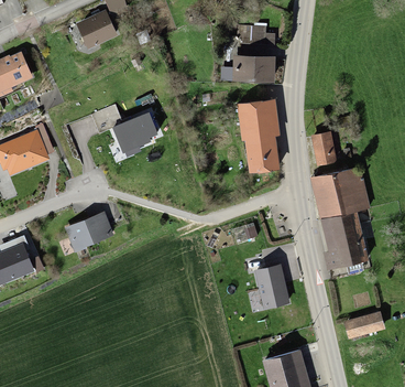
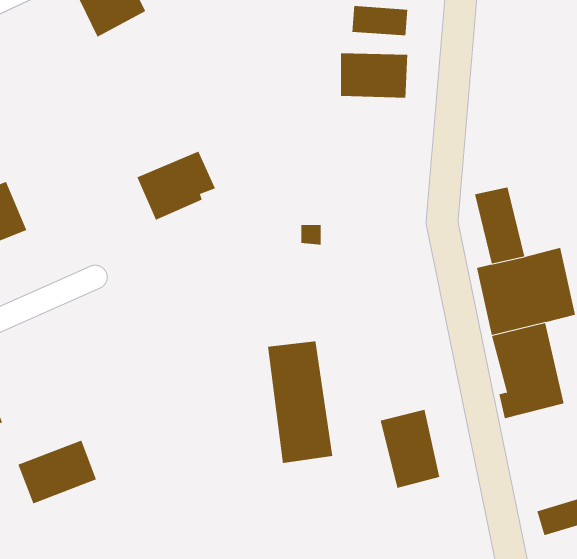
building: [240,100,278,172] -> [267,341,333,464]
building: [66,212,112,249] -> [18,440,97,504]

